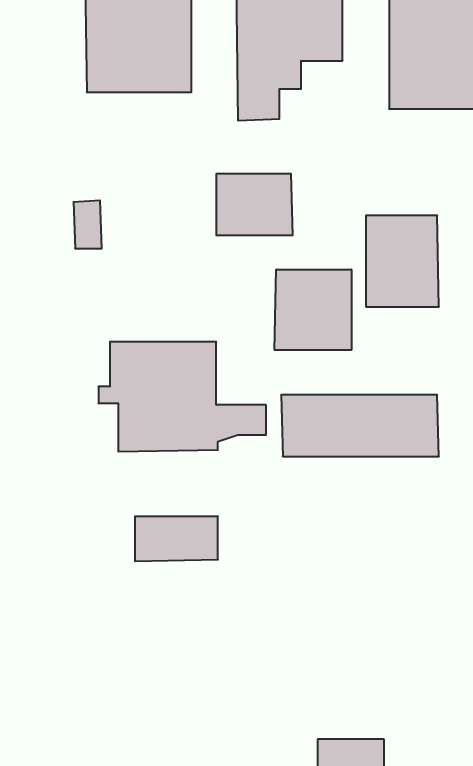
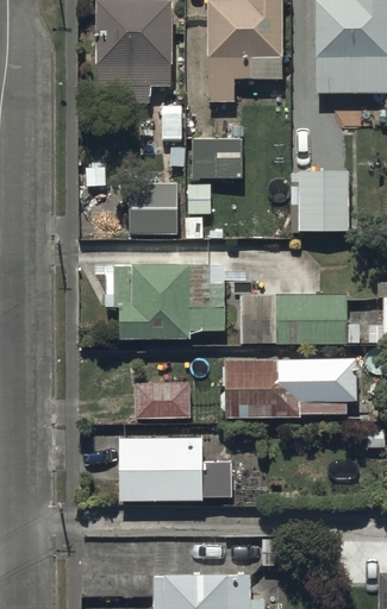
building: none -> [126,186,179,234]
building: [275,269,351,350] -> none
building: none -> [223,358,355,417]
building: none -> [114,438,201,500]

